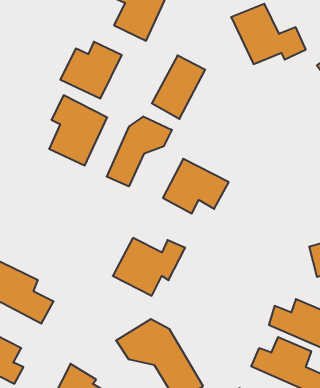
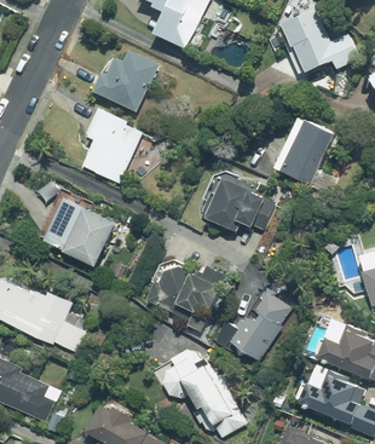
building: [152,55,205,119] -> [278,117,336,186]
building: [107,116,172,186] -> none
building: none -> [42,196,115,265]
building: none -> [230,289,293,358]

